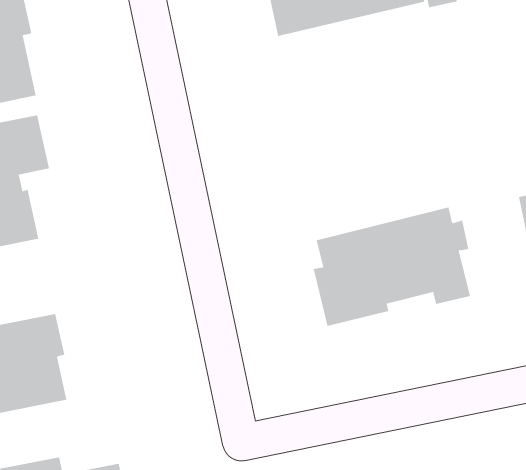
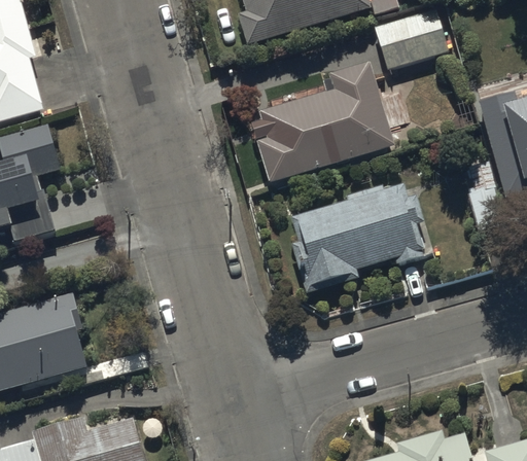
building: none -> [376,8,447,67]
building: none -> [251,60,395,182]

